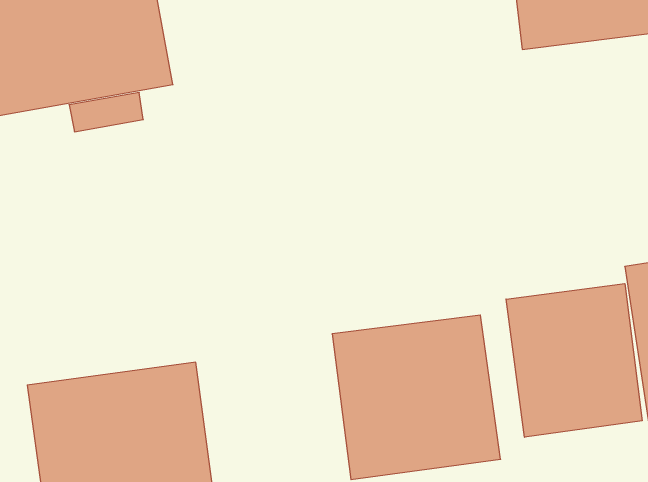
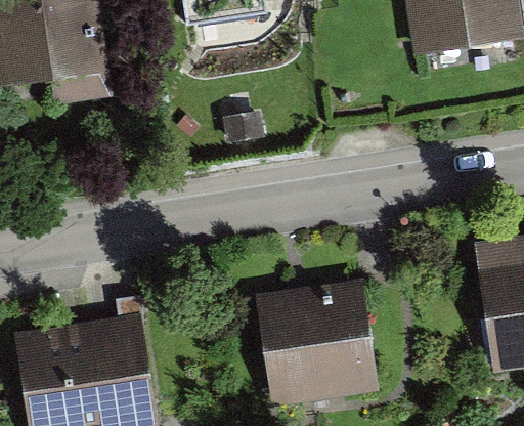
building: [506,284,642,437] -> none

